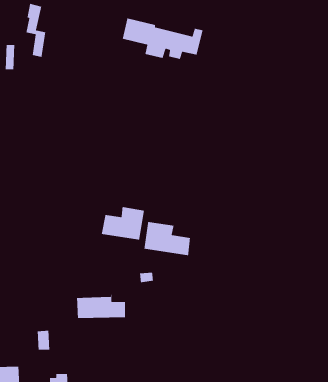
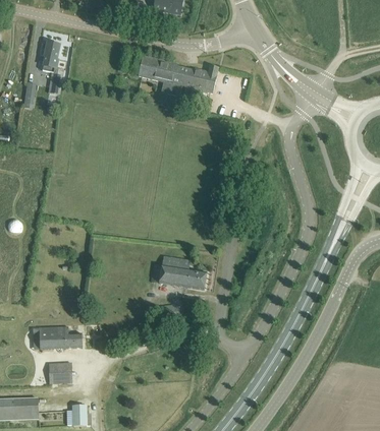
building: [101,206,145,241] -> none
building: [76,294,126,319] -> [33,324,82,349]

